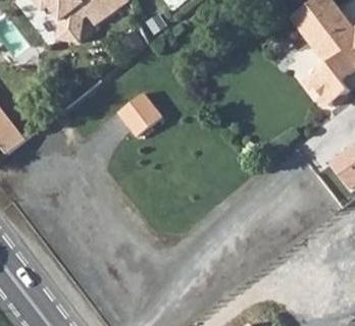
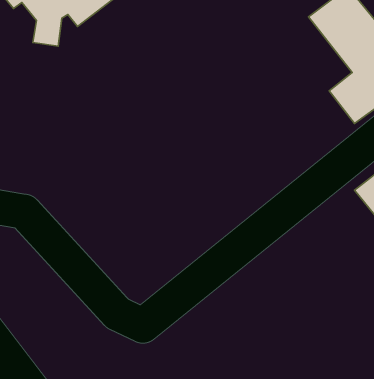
building: [120,93,163,137] -> none

